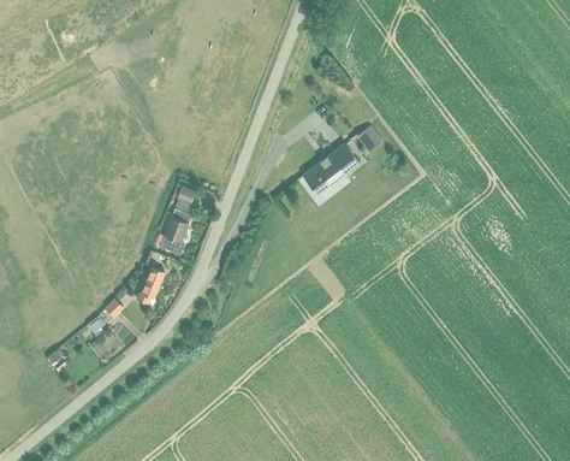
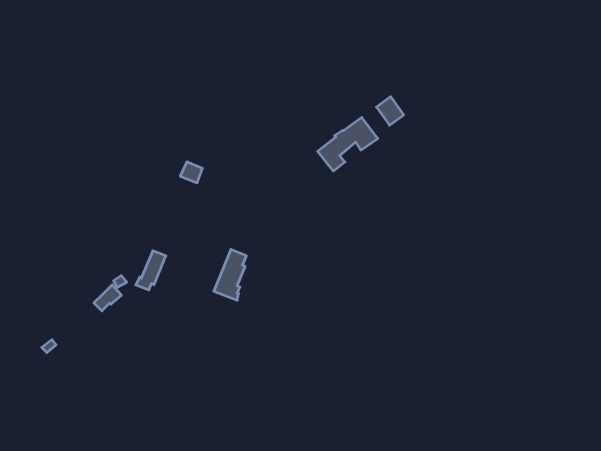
building: [159,208,189,255] -> [214,249,246,300]

